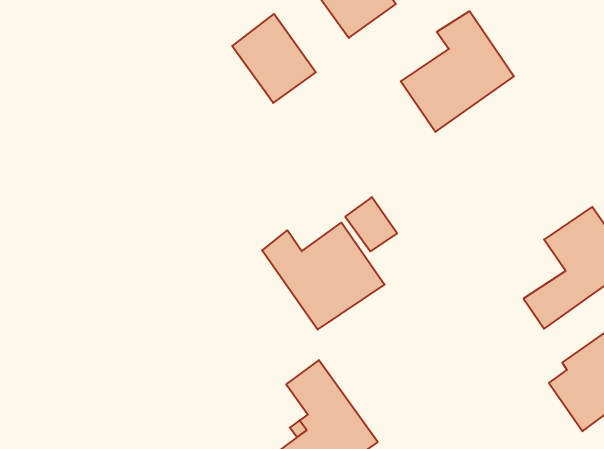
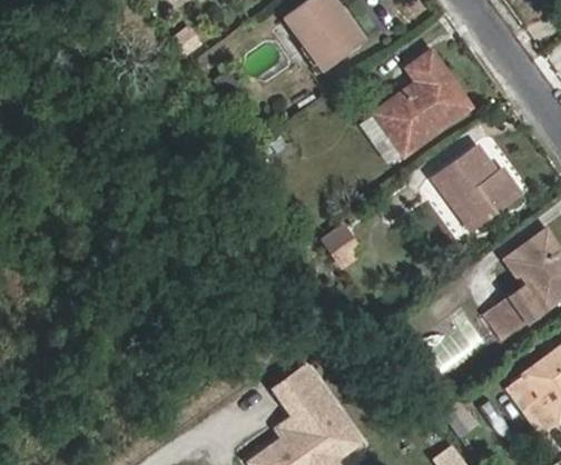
building: [232,14,316,103] -> none
building: none -> [433,145,523,230]
building: [262,223,385,330] -> none

